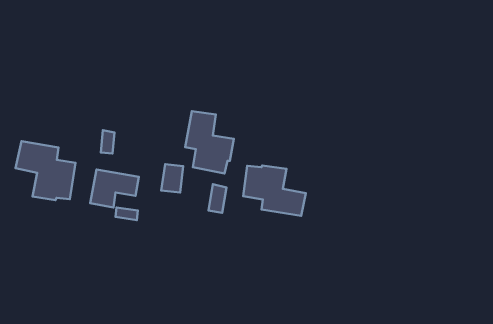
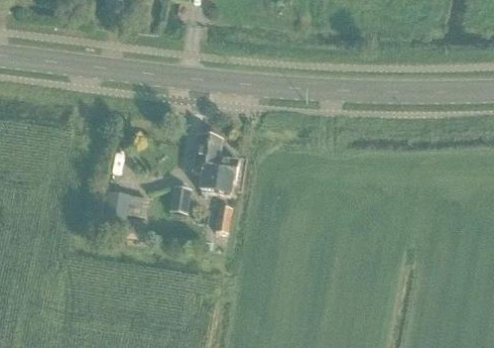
building: [16,141,75,200] -> none
building: [243,165,306,216] -> none

